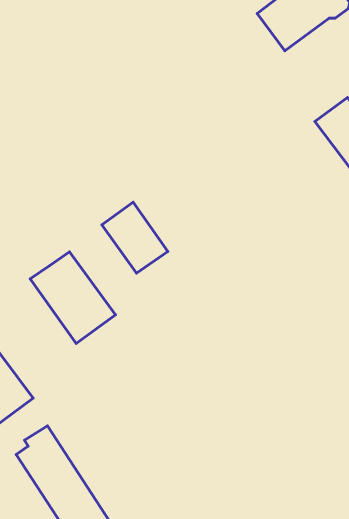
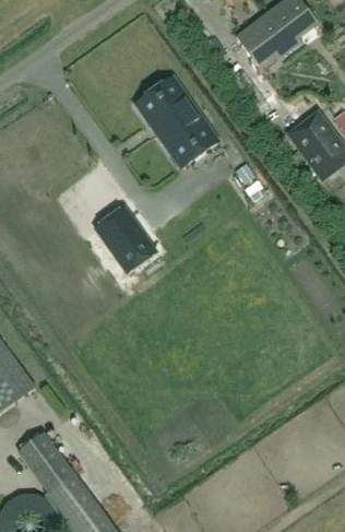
building: none -> [136,76,219,167]
building: [30,252,116,343] -> none

